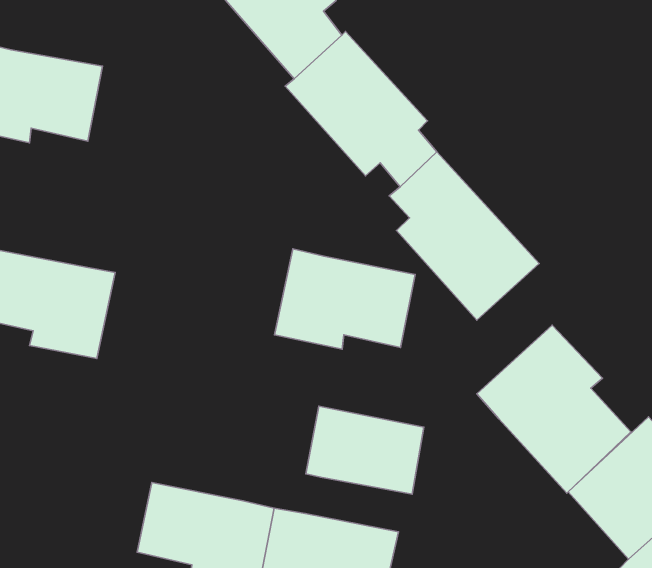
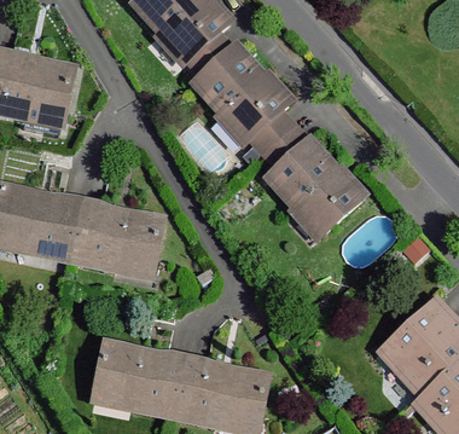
building: [274,249,415,349] -> [69,203,162,270]
building: [477,325,631,493] -> none
building: [306,406,424,494] -> none

